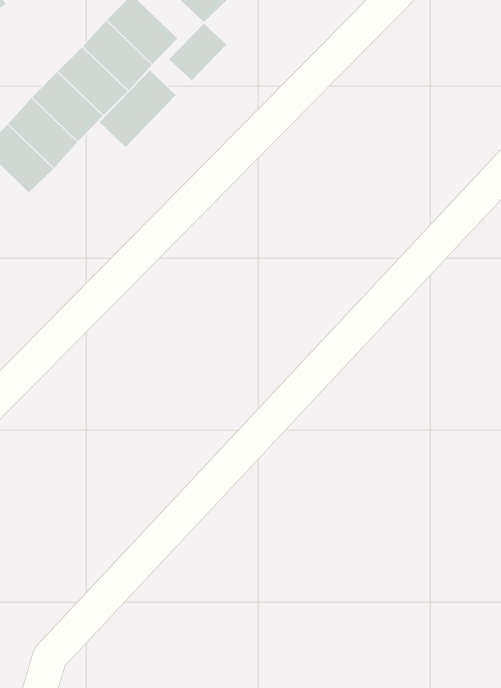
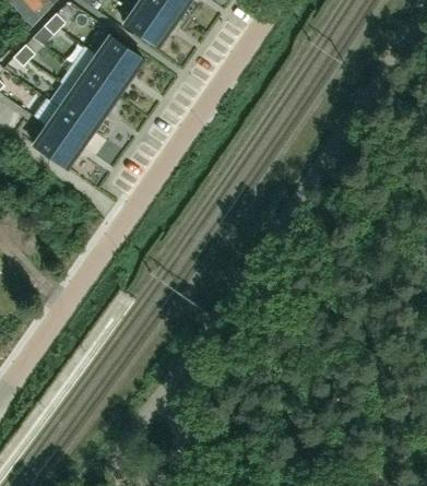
building: [168,23,227,81] -> none
building: [99,69,177,148] -> none

